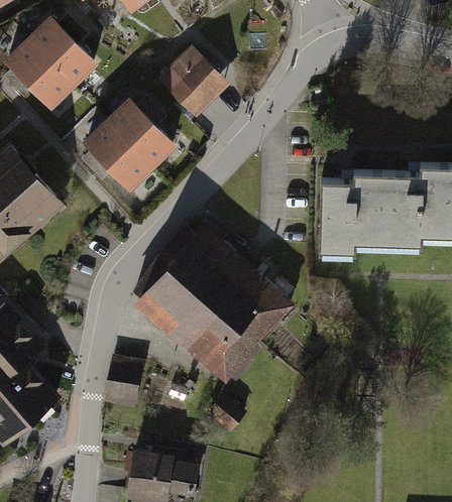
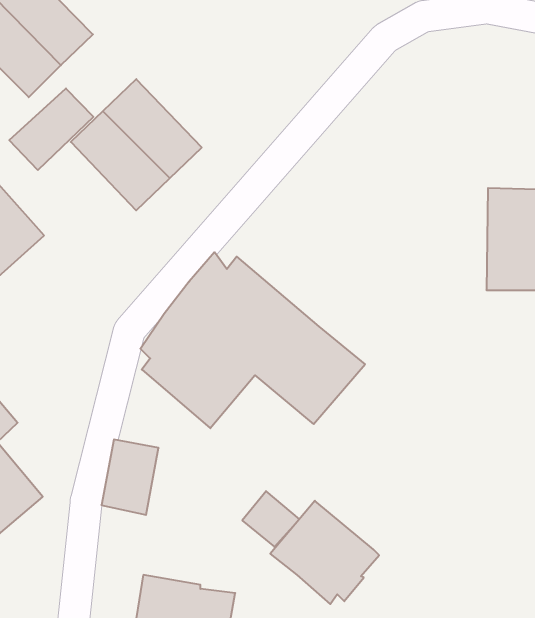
building: [156,44,230,117] -> none
building: none -> [9,88,93,170]
building: [317,173,383,255] -> none
building: [183,308,261,383] -> [270,501,379,604]

